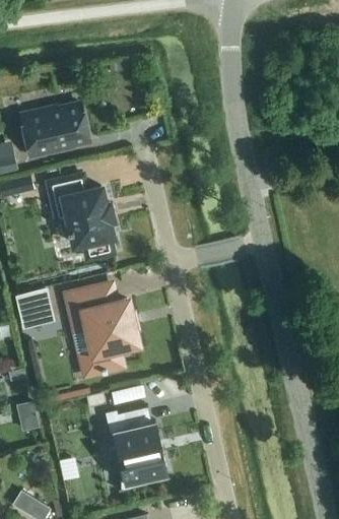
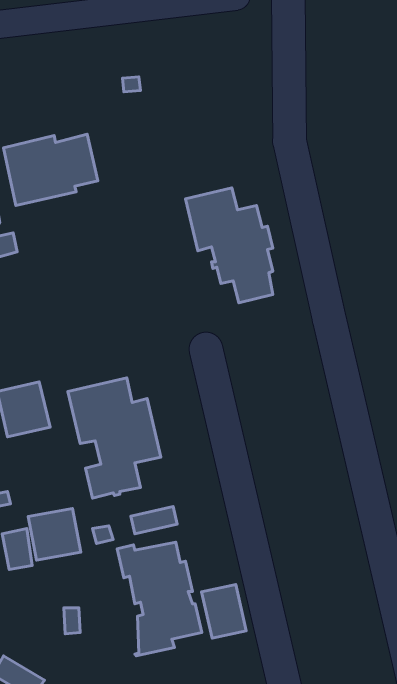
building: [47,175,112,260] -> [185,188,273,303]
building: none -> [28,509,81,560]
building: none -> [202,585,246,638]

